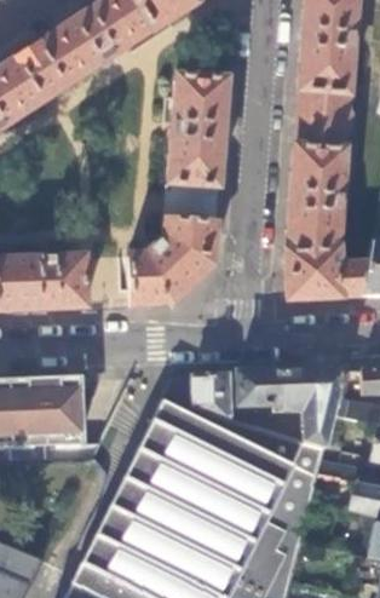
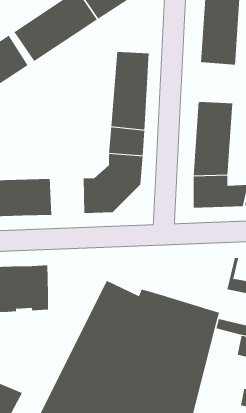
building: [298,90,352,148] -> none
building: [85,254,132,307] -> none
building: [240,368,347,448] -> none
building: [196,373,235,419] -> none

